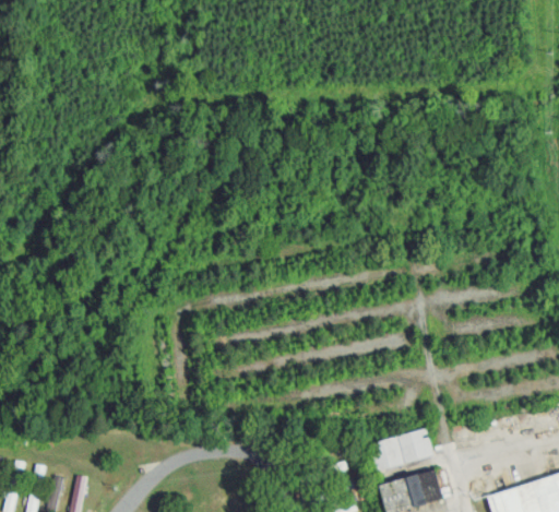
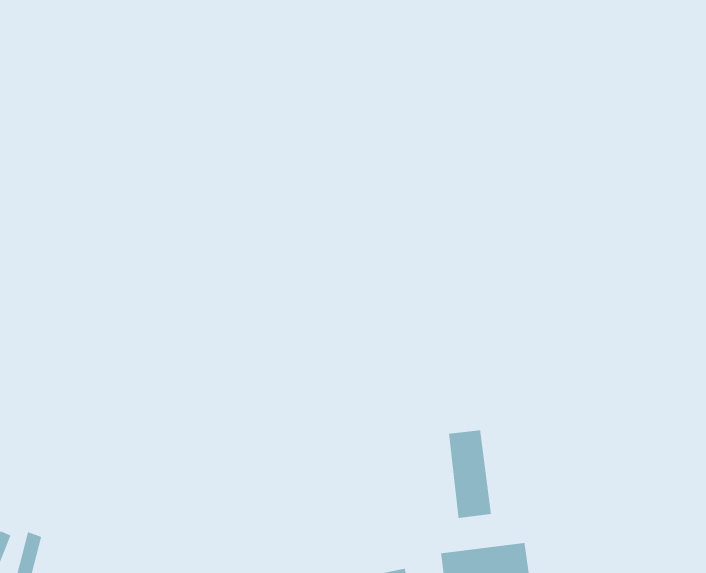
building: none -> [448,430,492,519]

